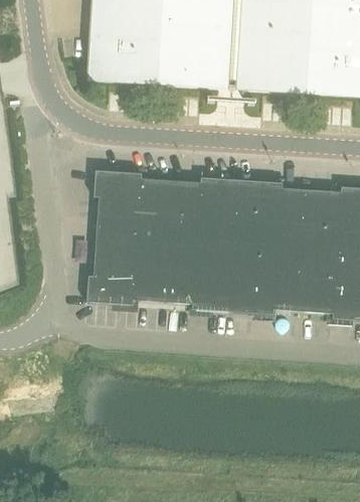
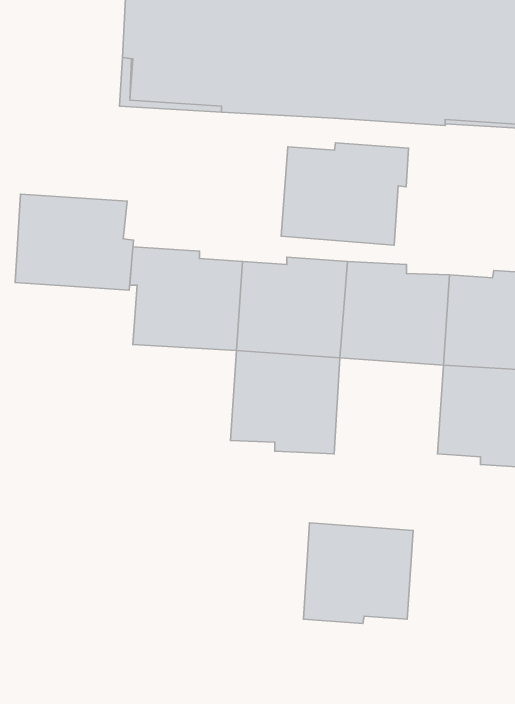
building: none -> [281,143,408,245]
building: none -> [15,194,133,290]
building: [86,237,166,306] -> none
building: [232,246,307,315] -> [304,523,413,624]

